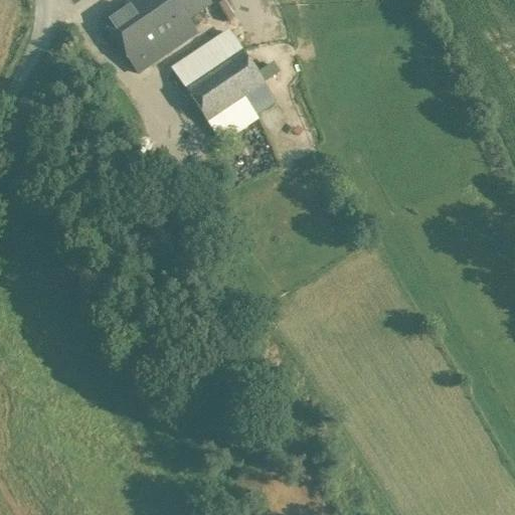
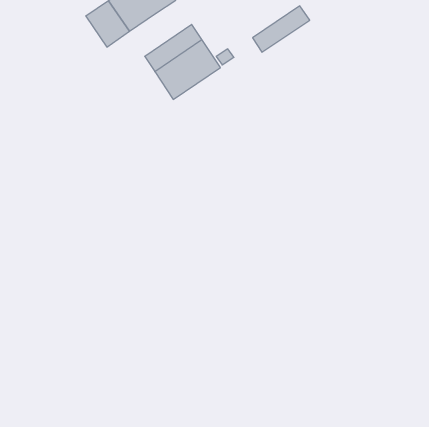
building: [129,16,196,69] -> none
building: [208,80,277,136] -> [253,6,310,52]

